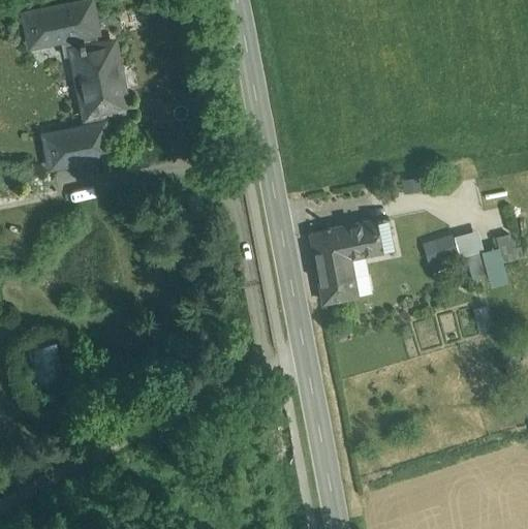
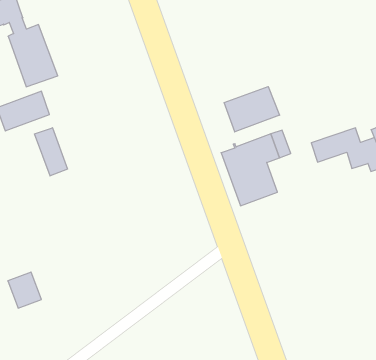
building: none -> [224,87,280,132]
building: none -> [35,128,67,176]

